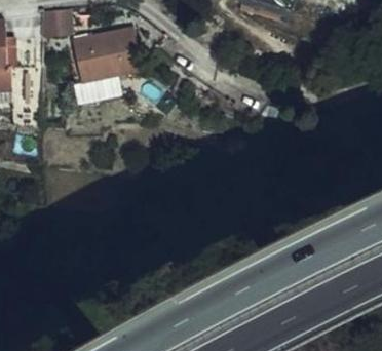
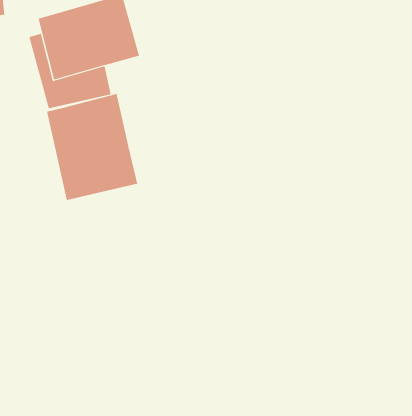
building: none -> [47,93,138,201]

